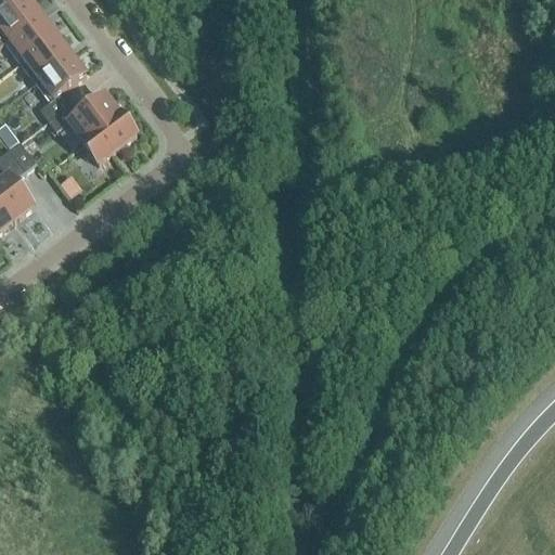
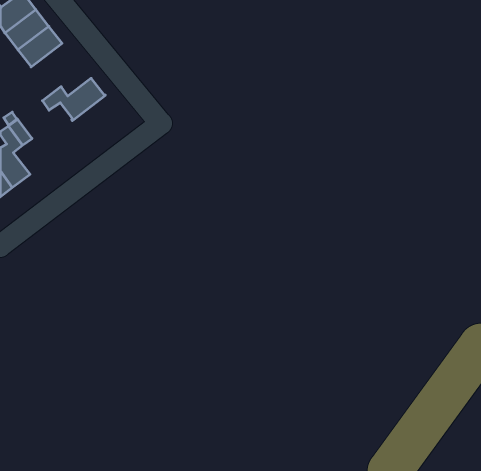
building: [36,50,87,116] -> none
building: [83,109,137,159] -> none

